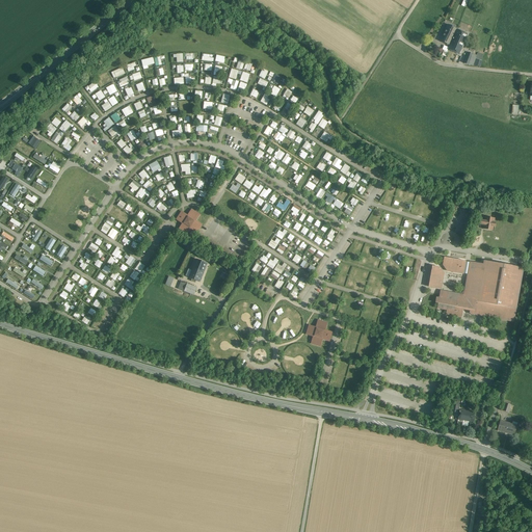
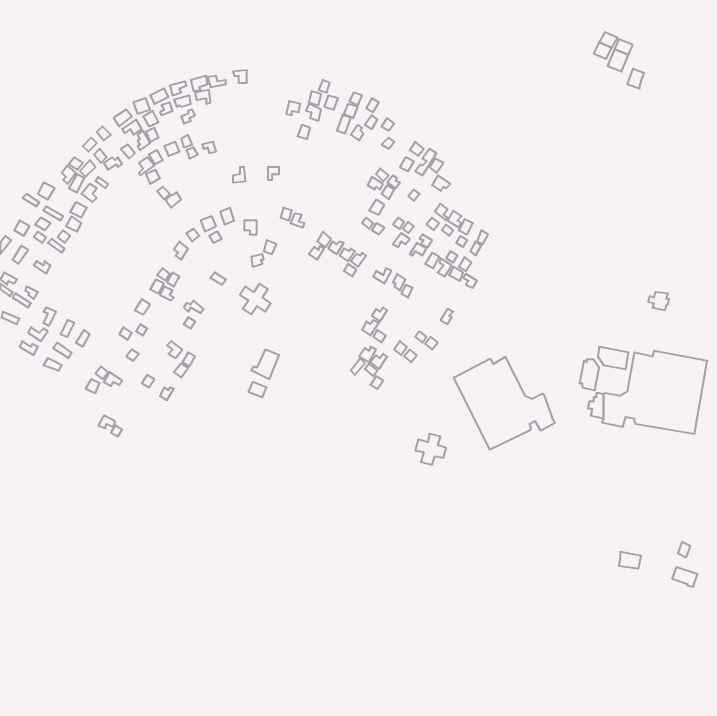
building: none -> [454,357,555,450]

